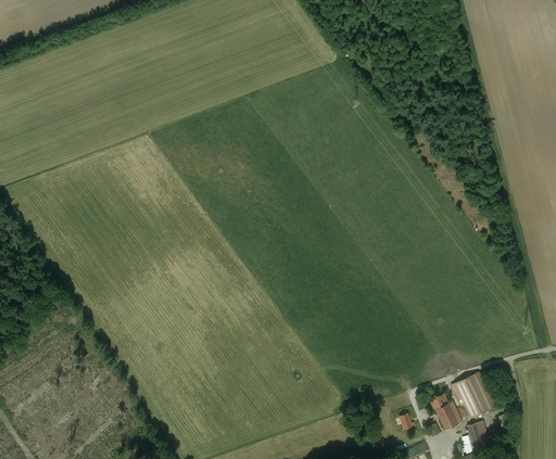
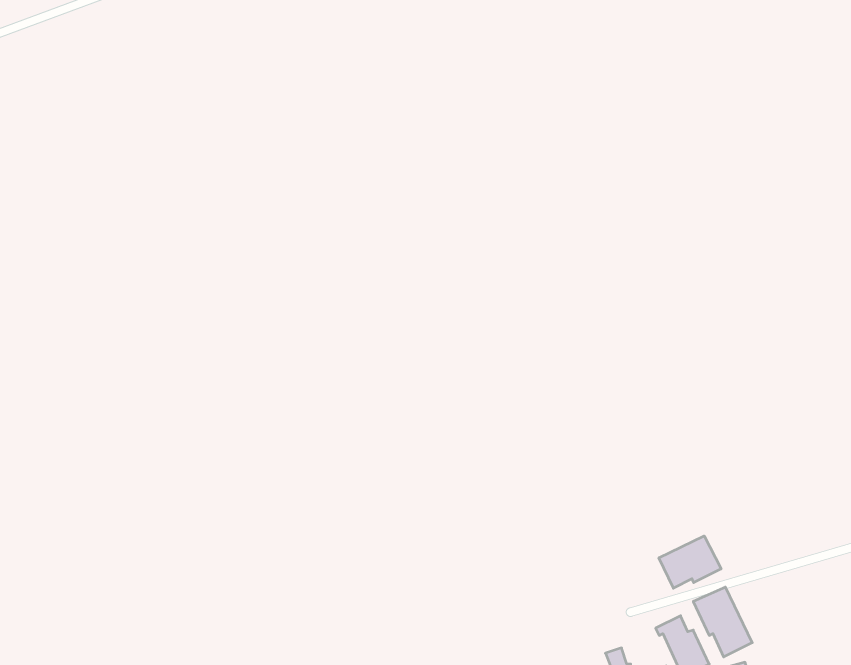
building: none -> [659,536,721,588]

